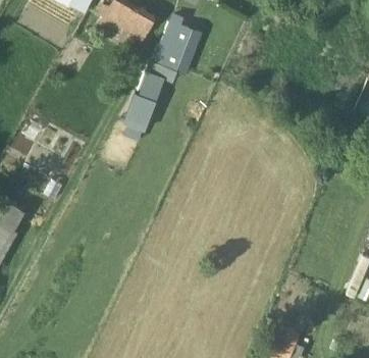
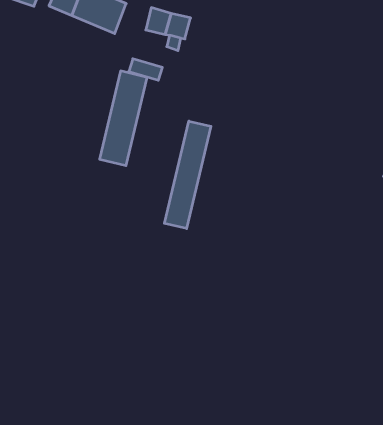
building: none -> [164,121,211,229]

